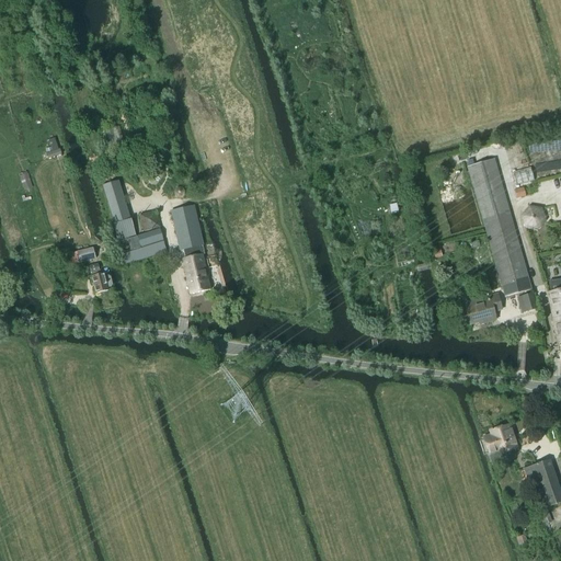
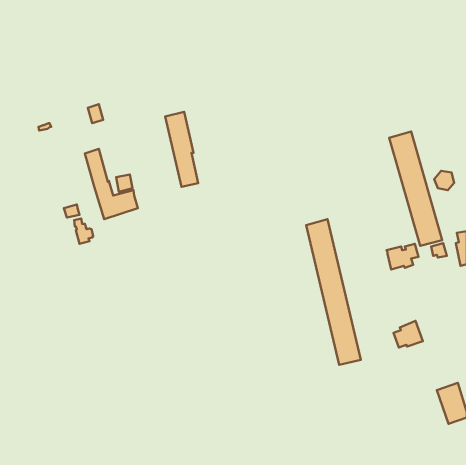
building: [171,204,210,294] -> [165,112,198,187]
building: none -> [306,219,361,365]
building: [483,423,518,455] -> [393,321,423,347]

